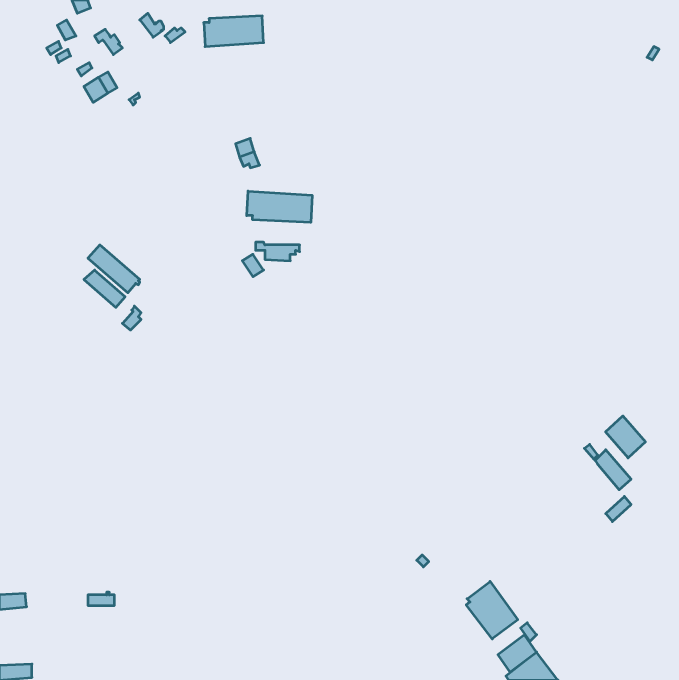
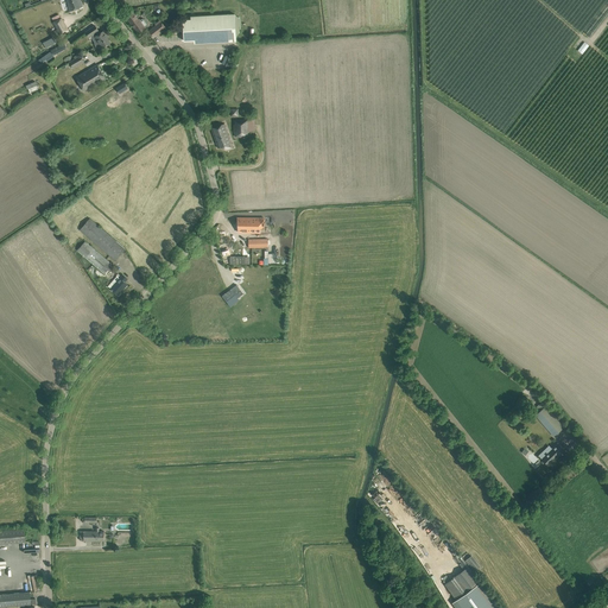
building: [247,191,312,222] -> none
building: [606,416,645,458] -> none
building: [466,581,518,639] -> none

